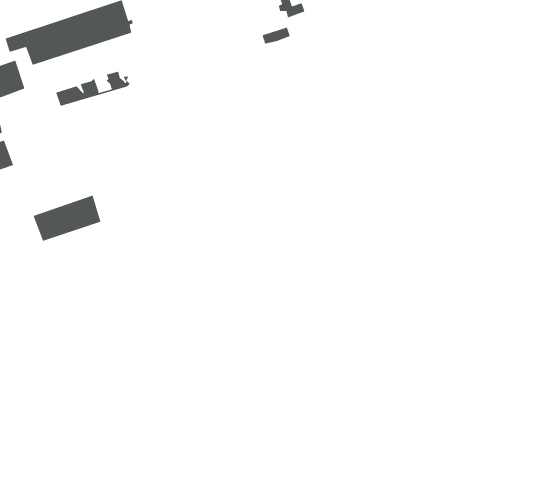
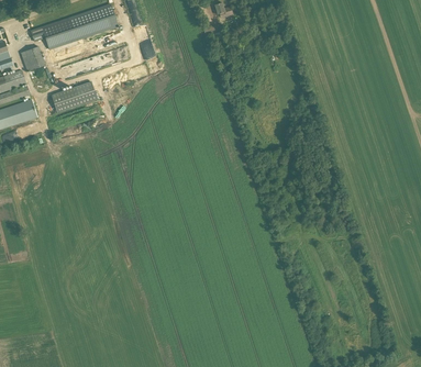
building: [33,194,101,242] -> [49,80,96,112]

